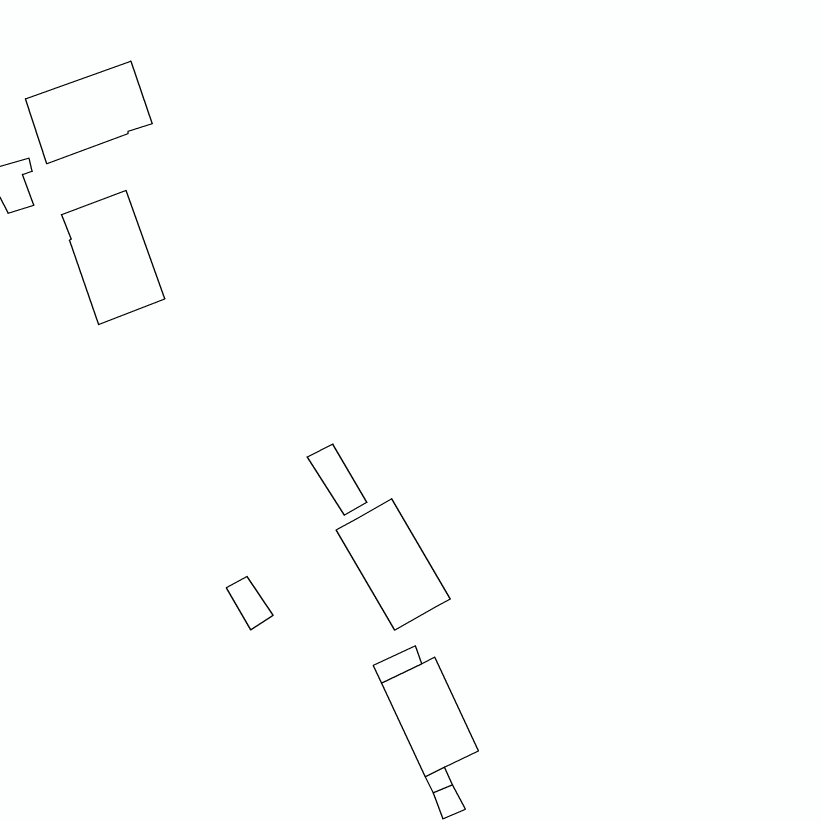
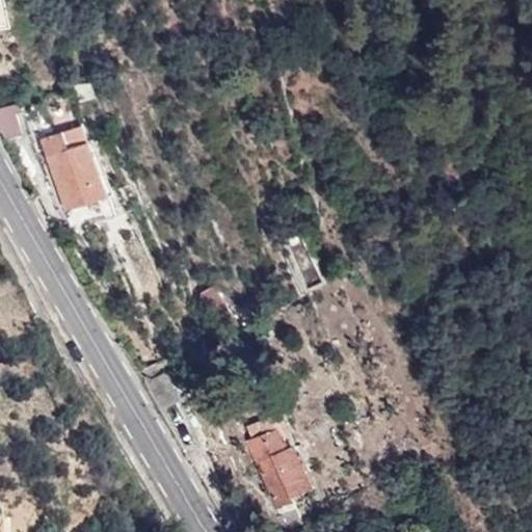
building: [26,61,152,164] -> none
building: [336,499,450,630] -> none

